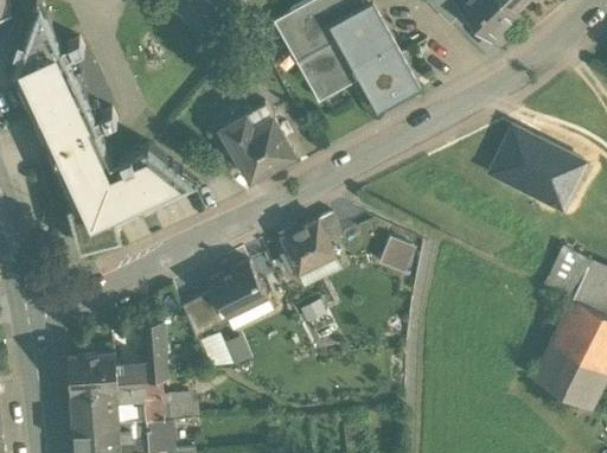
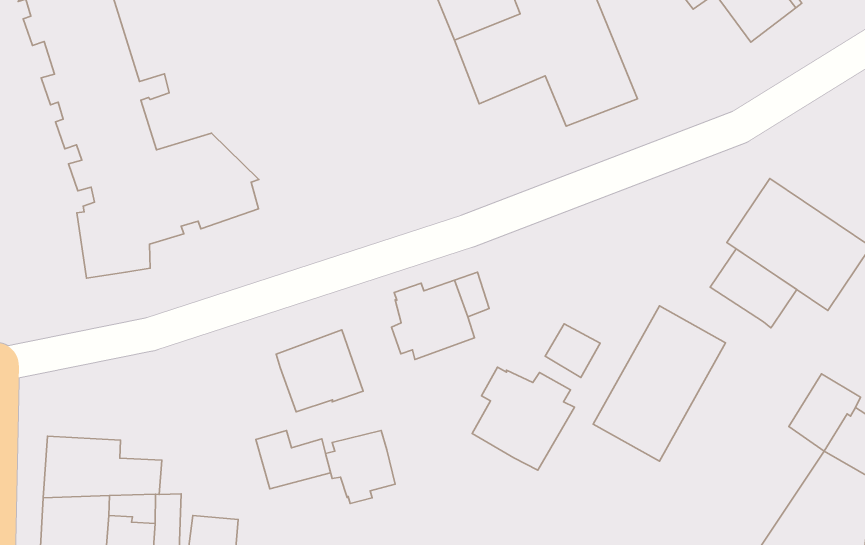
building: [221,104,293,179] -> none
building: none -> [710,249,797,328]
building: none -> [593,306,726,461]
building: none -> [472,367,574,470]
building: [183,292,226,338] -> none
building: [140,324,167,384] -> none
building: none -> [326,431,395,504]

